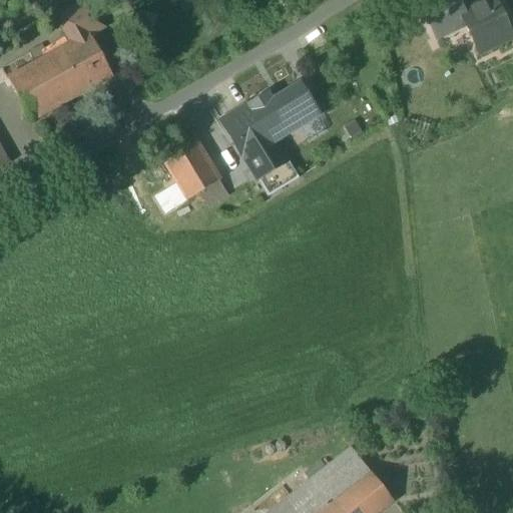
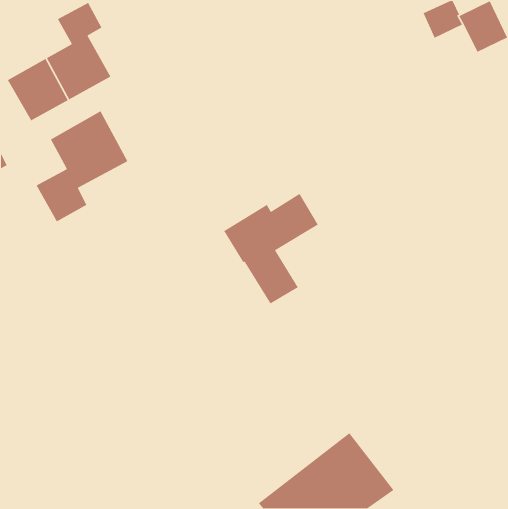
building: [222,85,319,197] -> [223,193,319,304]
building: none -> [35,110,129,223]
building: [162,140,220,202] -> none

